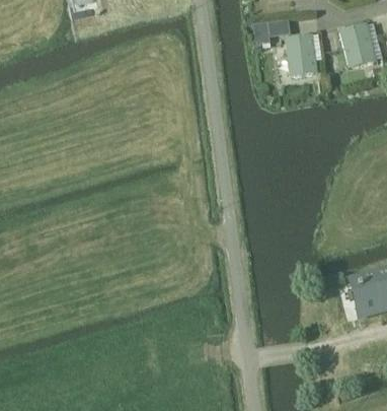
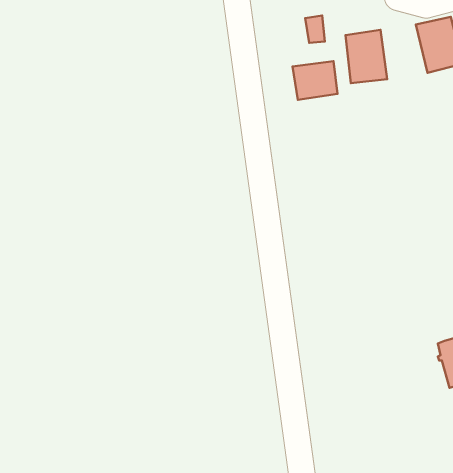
building: none -> [293,61,337,100]

